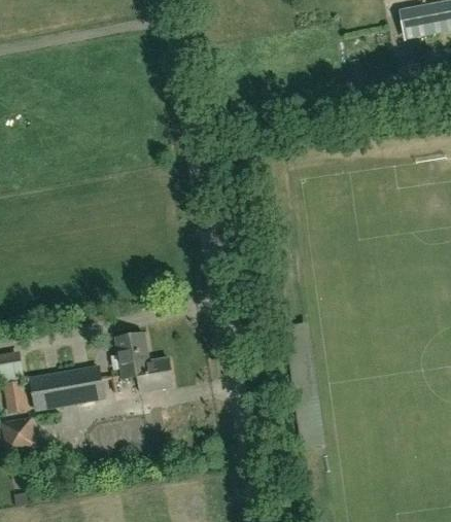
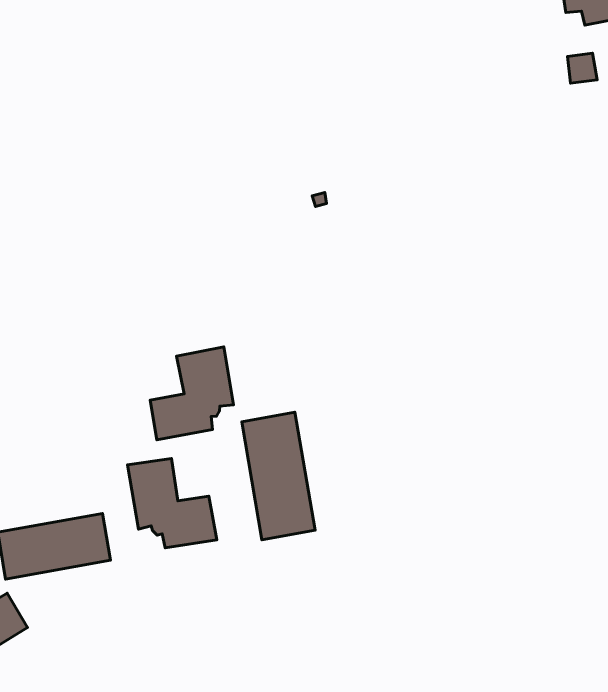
building: none -> [150,347,234,440]
building: none -> [242,412,315,540]

